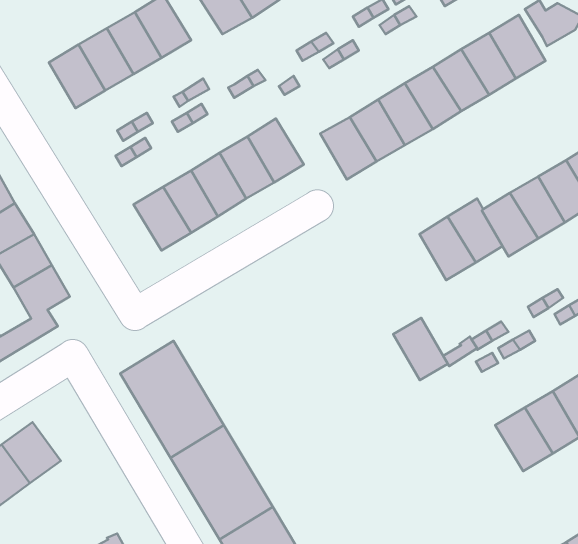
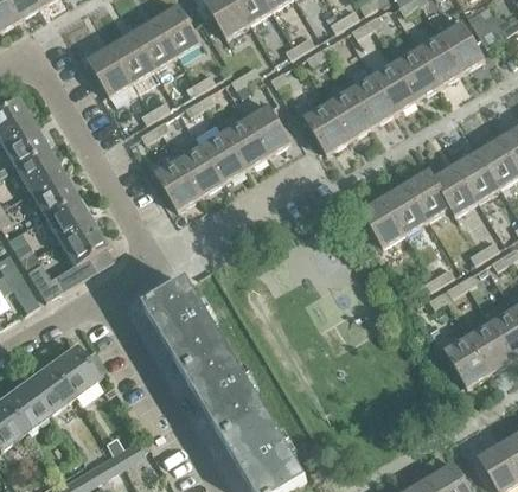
building: [393,318,448,380] -> [362,197,405,247]

